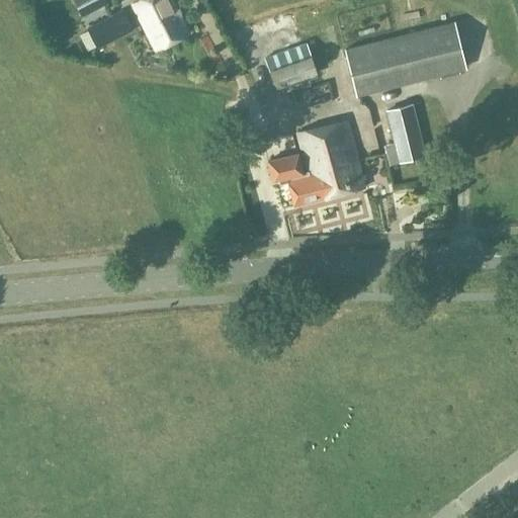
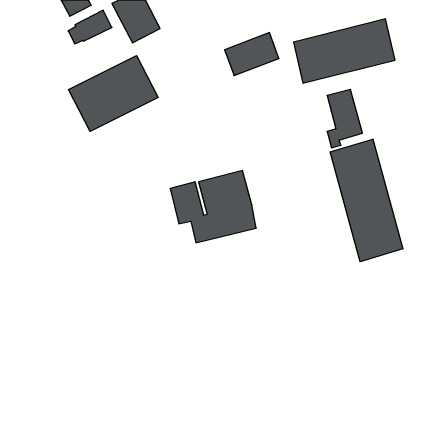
building: none -> [68,56,158,131]
building: [263,121,364,206] -> [170,171,256,243]
building: none -> [330,139,403,262]

